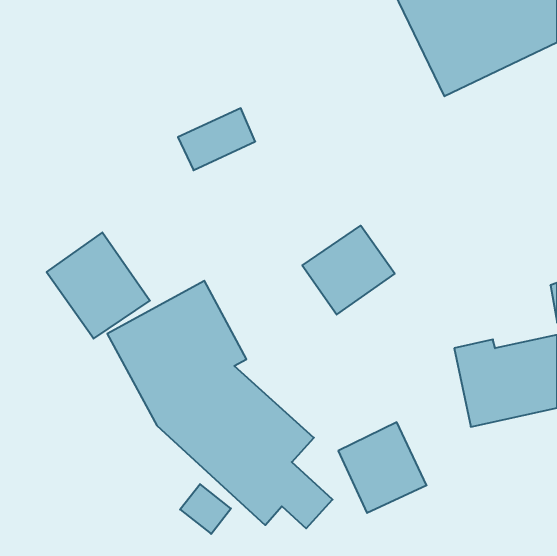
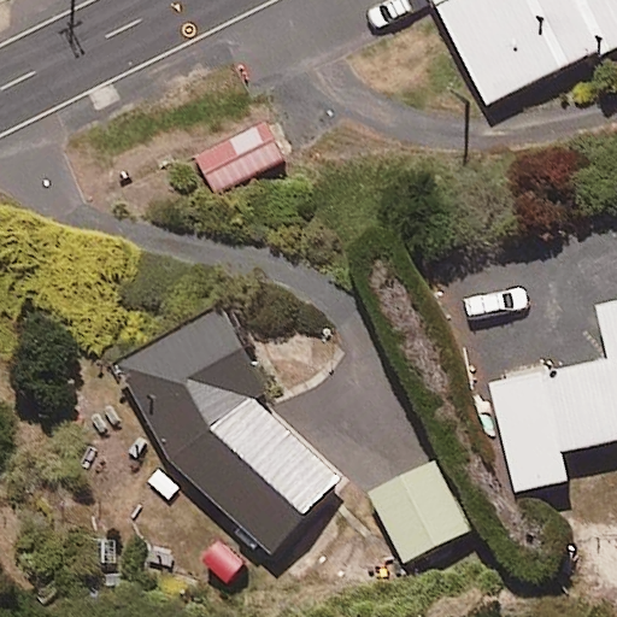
building: [302,226,395,315] -> none
building: [47,232,150,339] -> none

